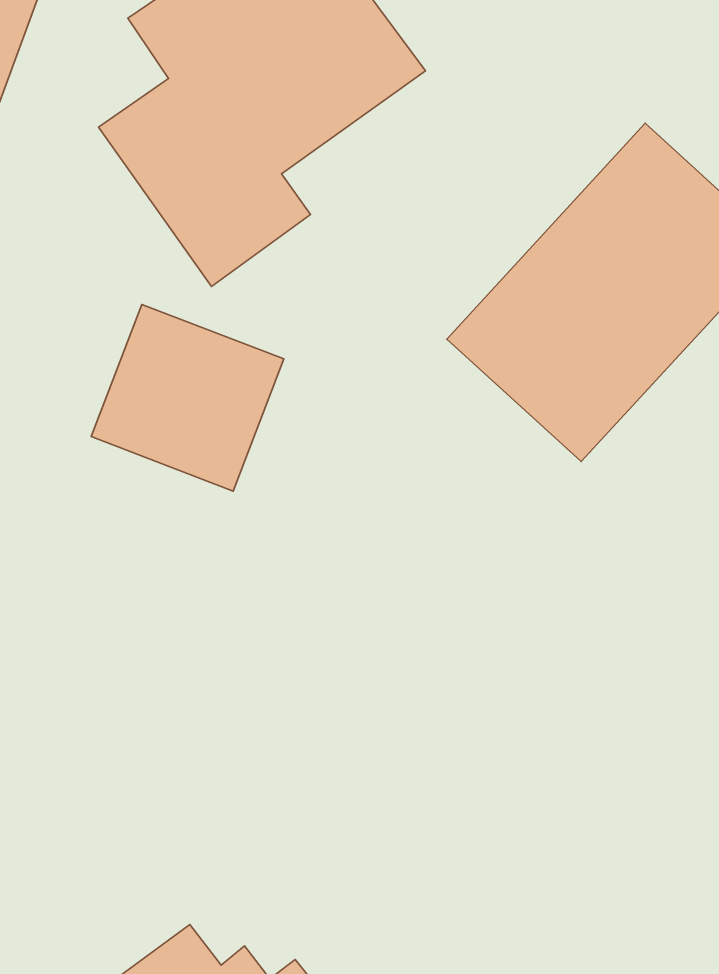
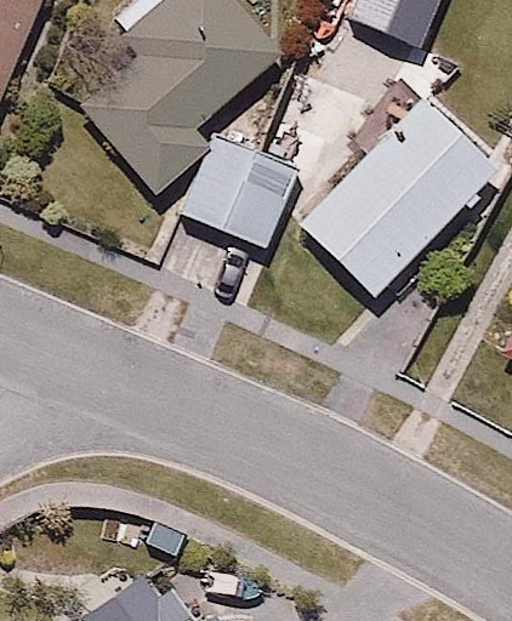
building: [91,304,284,491] -> [182,135,302,251]

